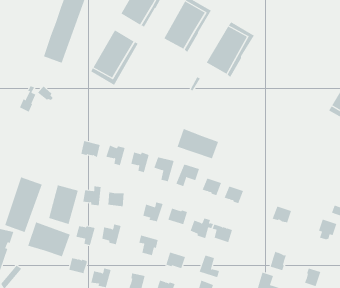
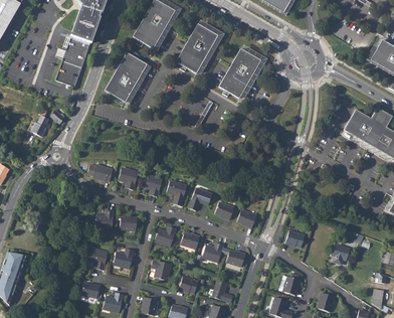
building: [177,128,219,159] -> none
building: [5,177,43,233] -> none
building: [48,185,78,225] -> none
building: [27,222,71,257] -> none

